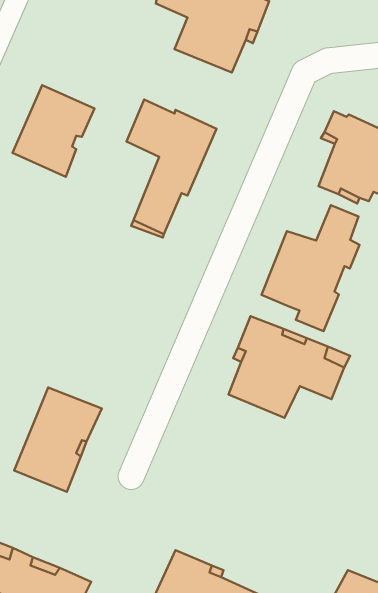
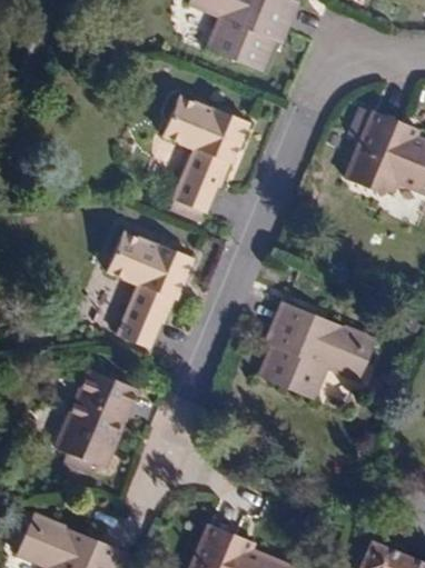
building: [13,85,95,177] -> none
building: [261,205,360,331] -> none
building: none -> [106,232,192,347]

